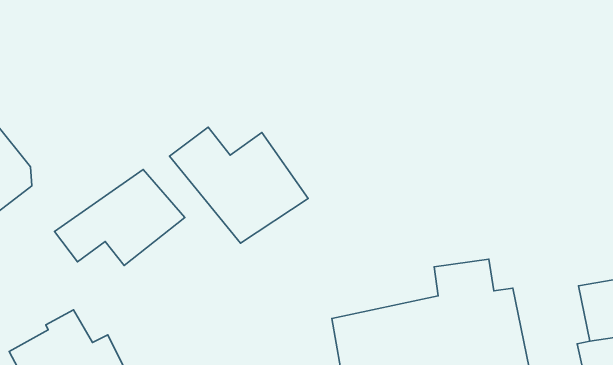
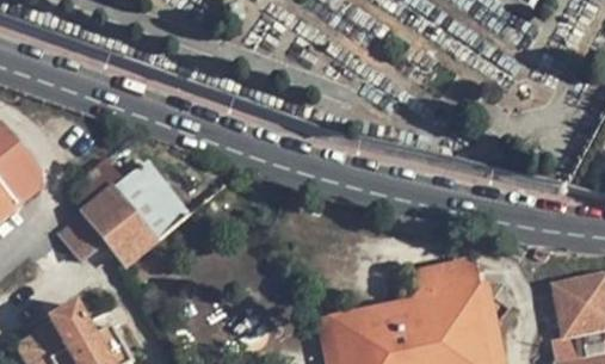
building: [169,127,308,243] -> none

